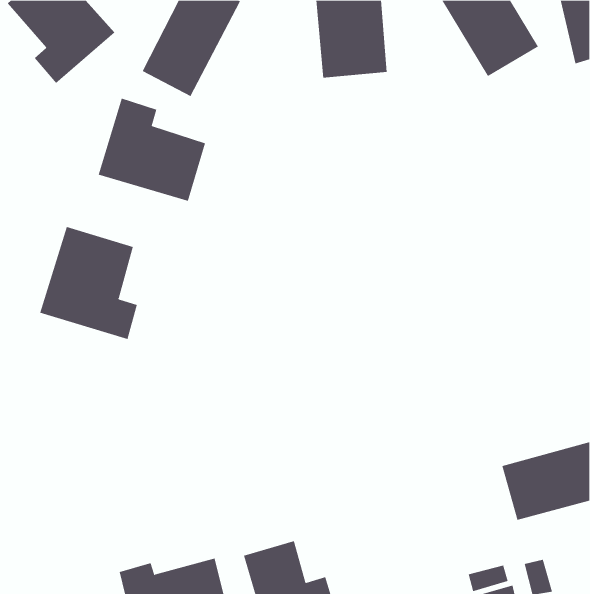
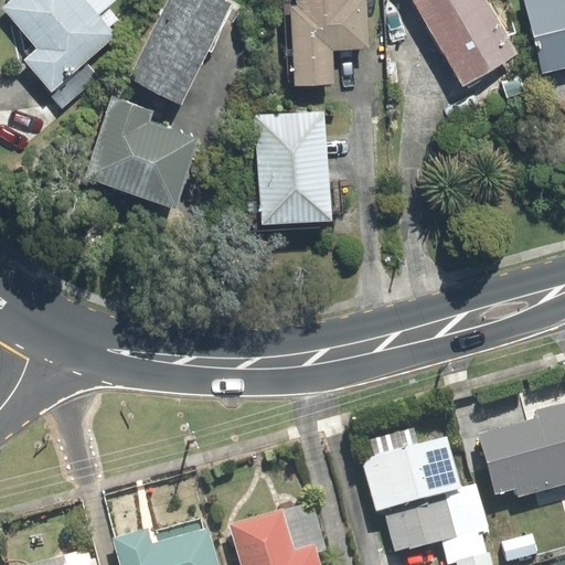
building: none -> [262,109,328,214]
building: [39,226,138,340] -> none
building: none -> [363,437,458,510]
building: none -> [385,491,480,552]

